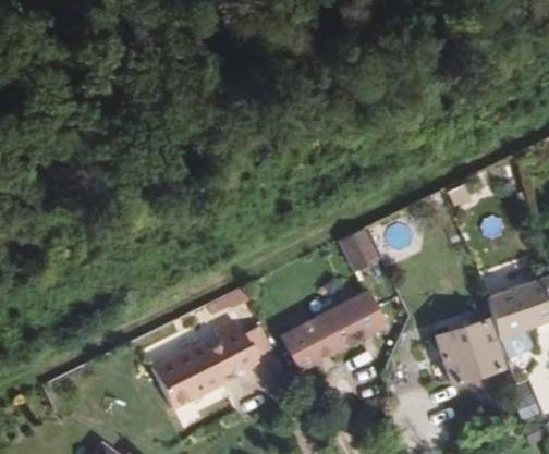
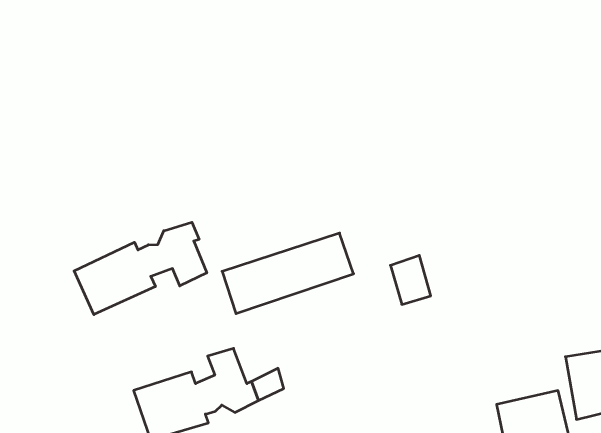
building: none -> [74,222,207,315]
building: [281,297,385,371] -> [222,233,354,314]

